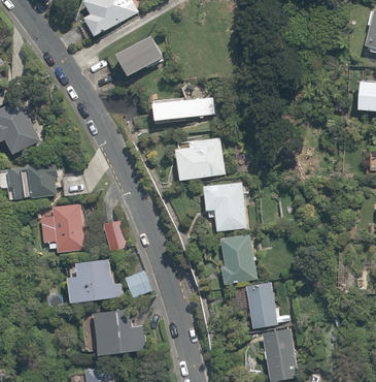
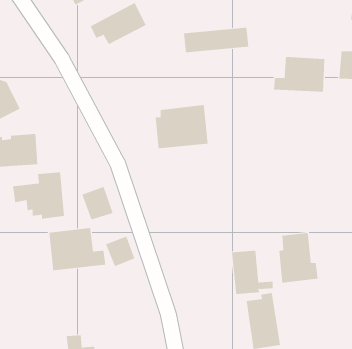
building: none -> [274,56,325,92]
building: [148,95,214,121] -> [183,27,249,53]
building: [202,181,249,231] -> none
building: [218,232,259,283] -> [278,232,319,283]
building: [82,309,143,354] -> none

